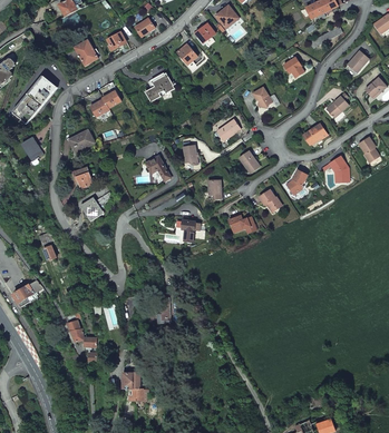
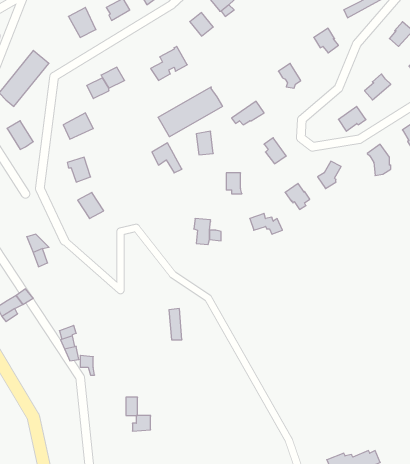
building: none -> [158,87,222,137]

